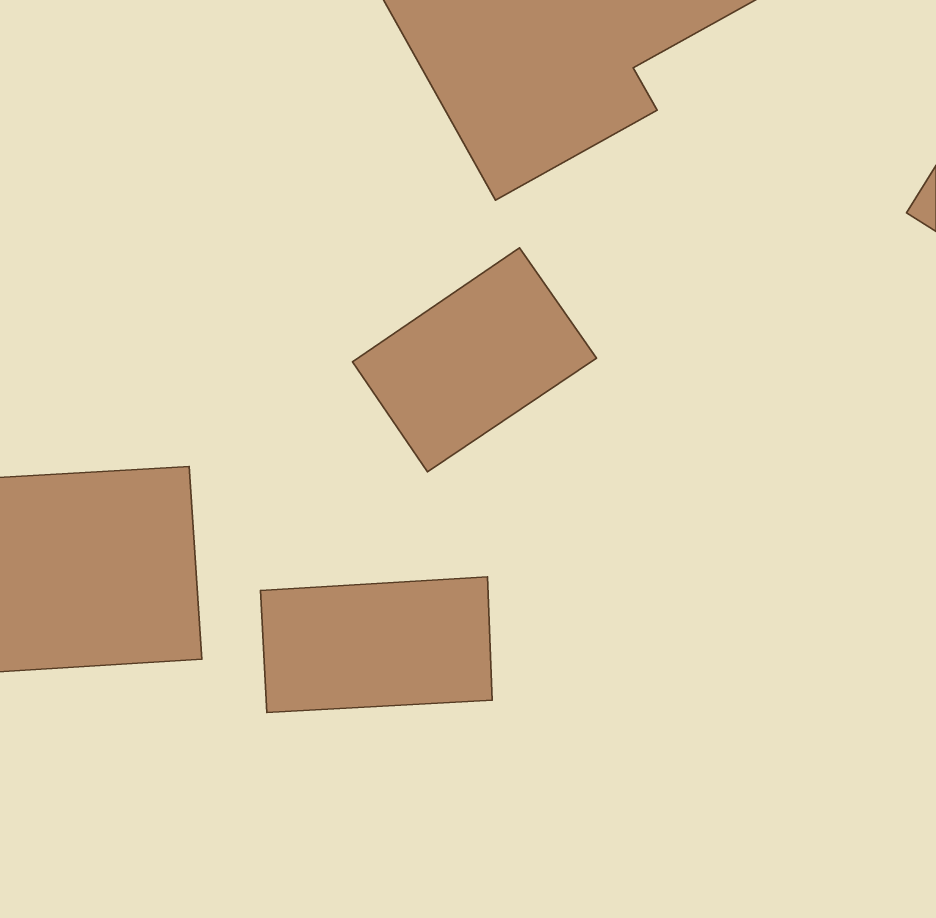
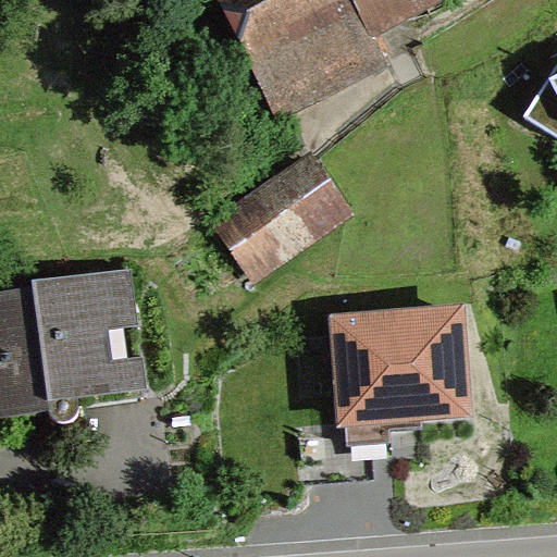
building: none -> [329,306,472,430]
building: [260,577,492,713] -> none

